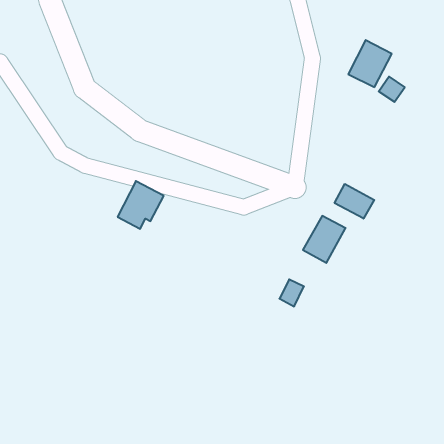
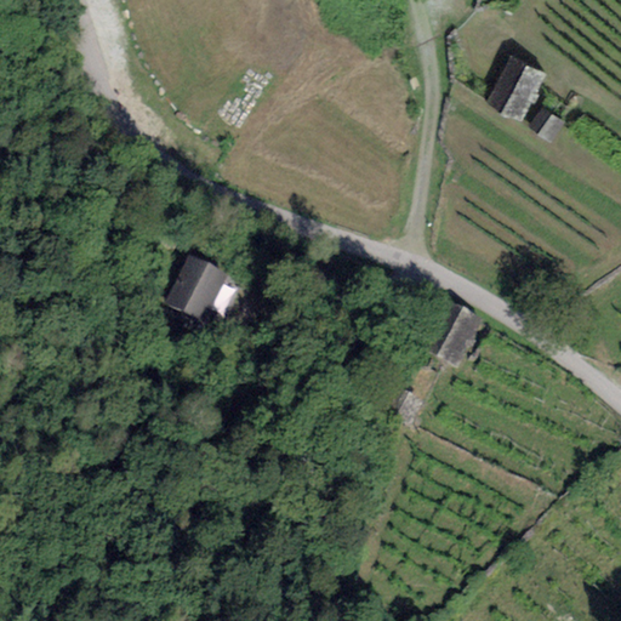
building: [335,184,374,219] -> none

